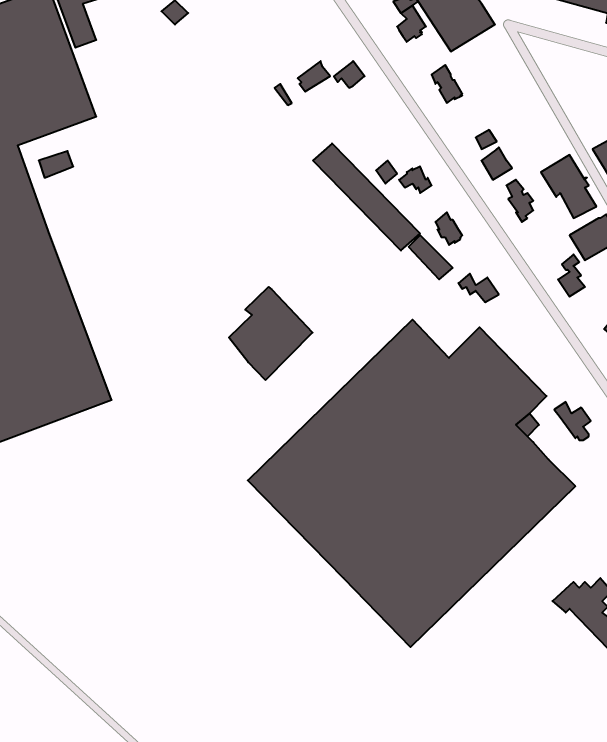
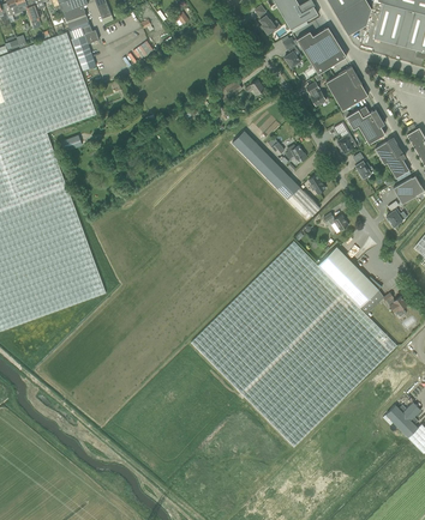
building: none -> [325,66,367,110]
building: none -> [346,109,385,144]
building: [229,287,313,380] -> none

